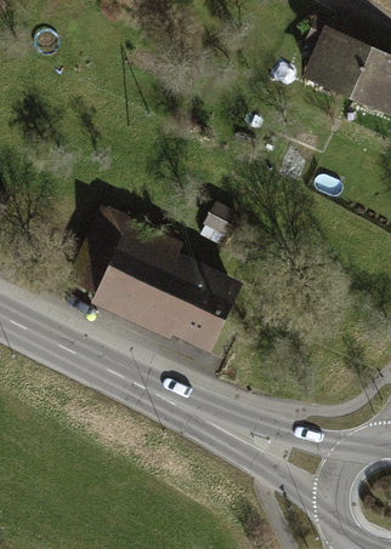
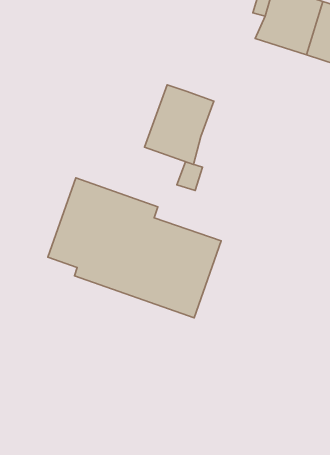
building: none -> [144,85,214,164]

